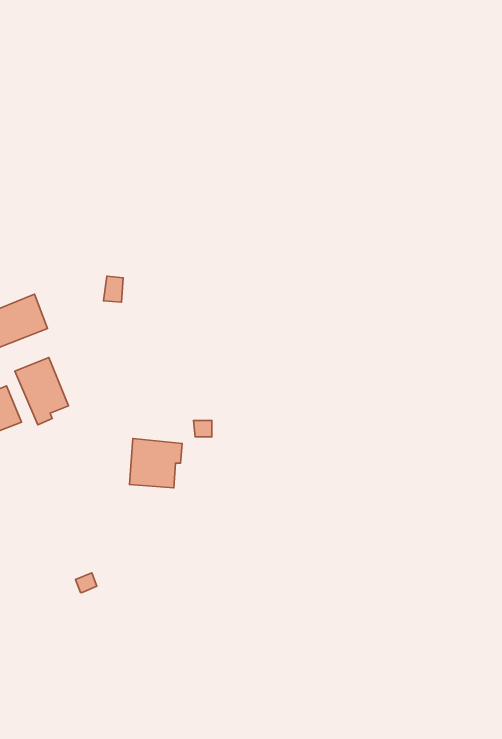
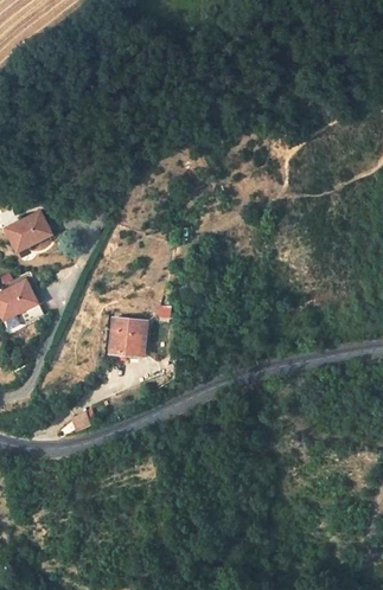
building: [15,357,69,425] -> none

